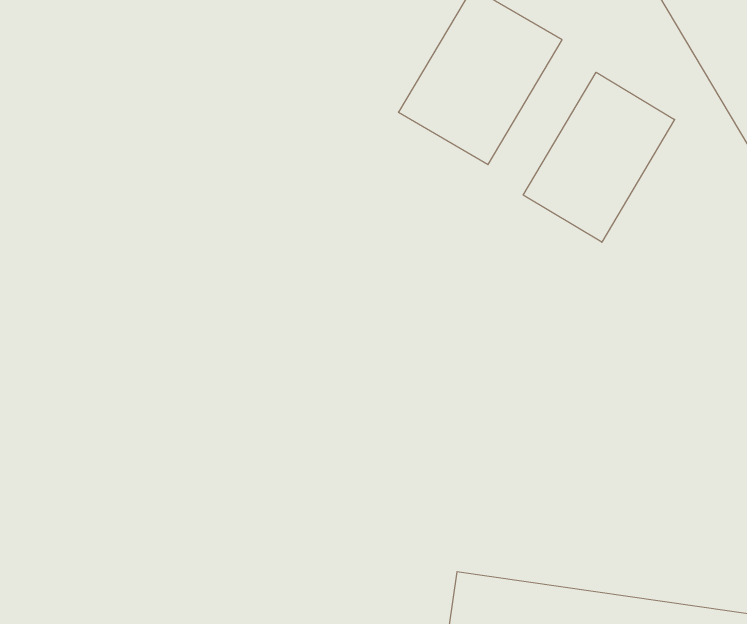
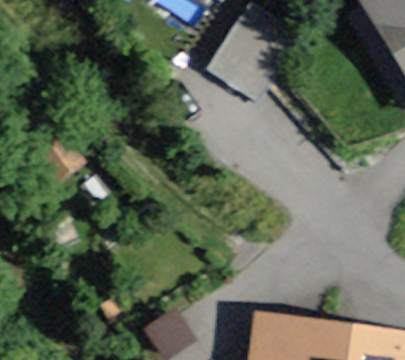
building: [523,72,675,242] -> none

